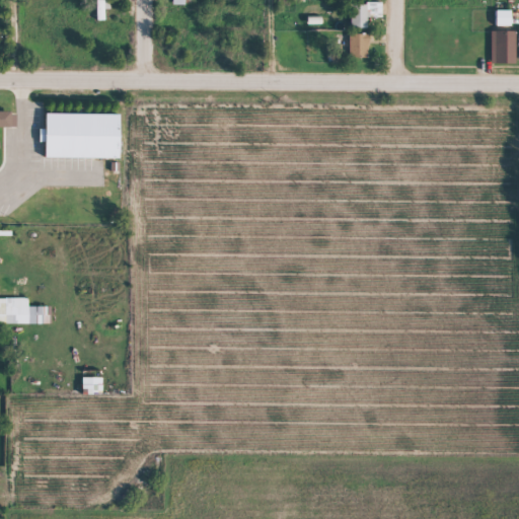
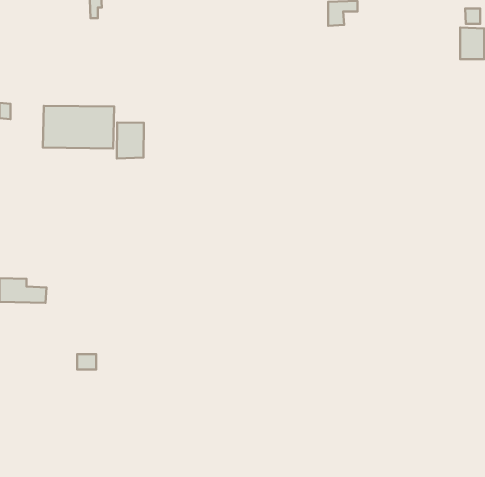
building: [348,33,368,56] -> none
building: none -> [117,122,144,158]

